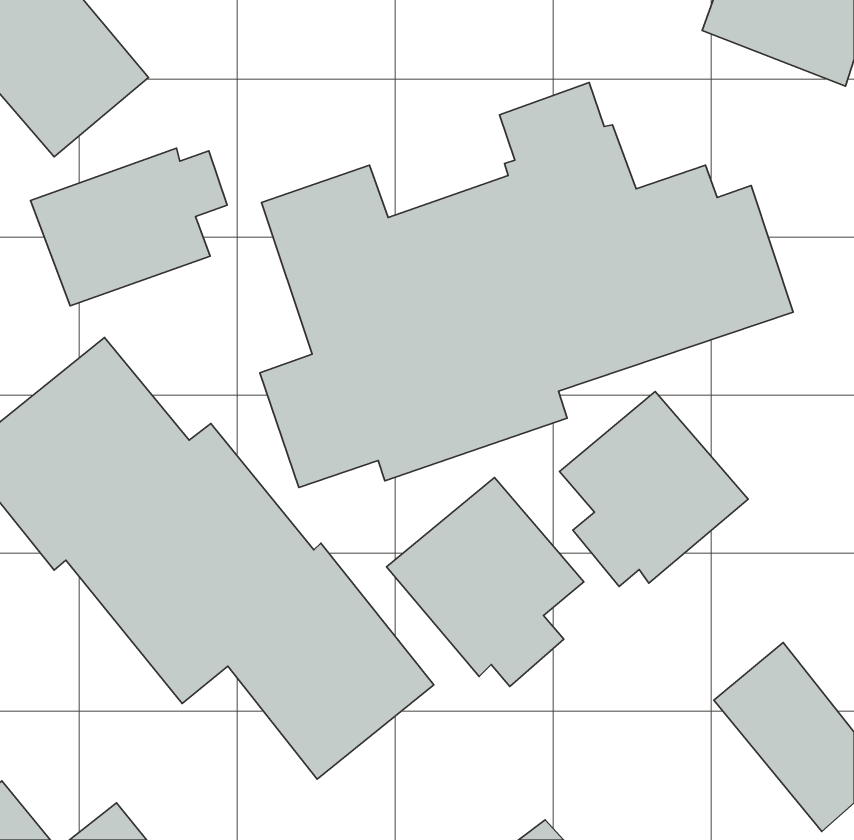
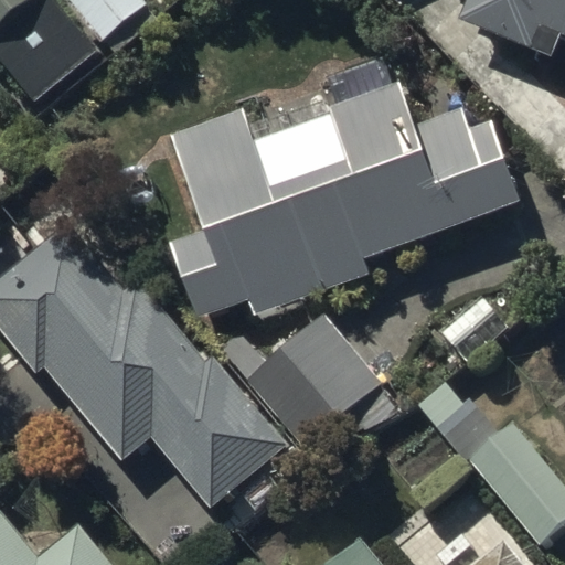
building: [31,148,227,306] -> none
building: [560,391,748,586] -> none

